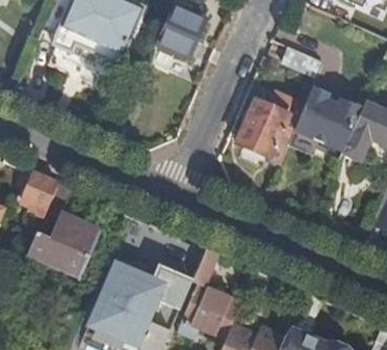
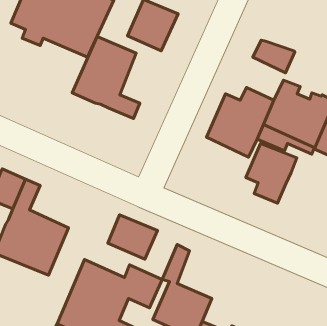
building: none -> [72,36,140,119]
building: none -> [246,143,297,203]
building: none -> [108,215,157,259]

